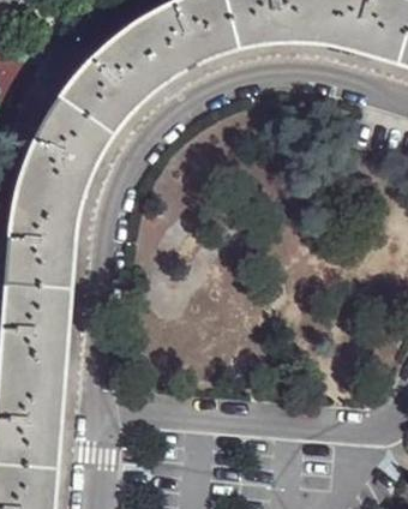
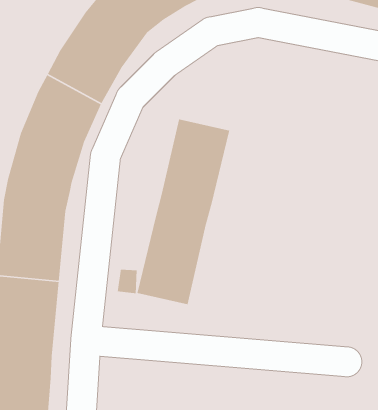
building: none -> [136,119,230,305]

